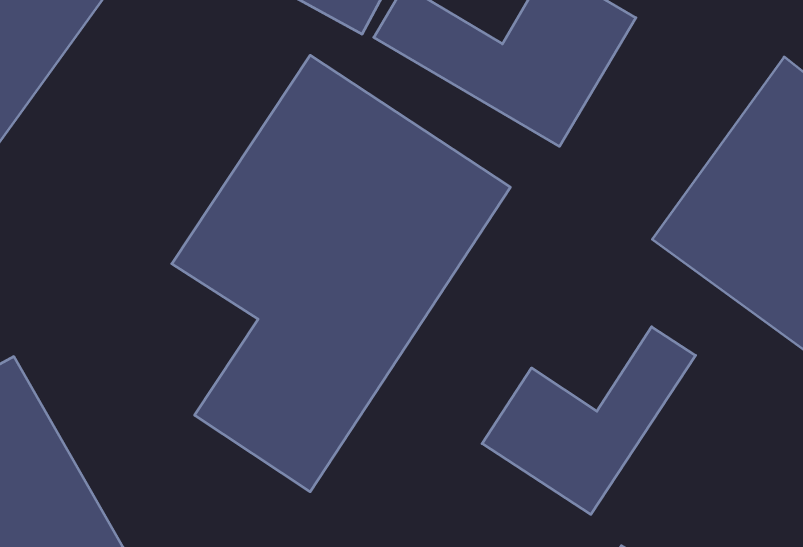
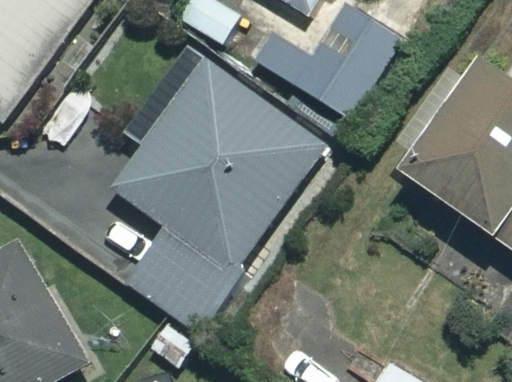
building: [482,327,696,514] -> none

